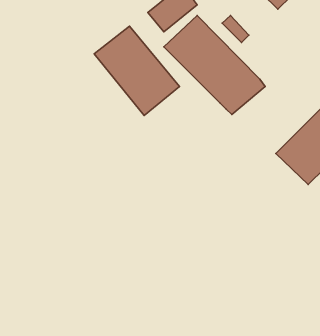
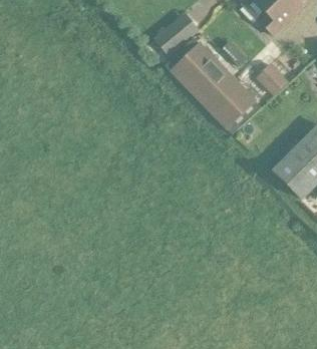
building: [94,26,180,116] -> none
building: none -> [255,62,289,96]

